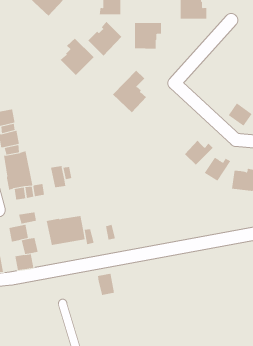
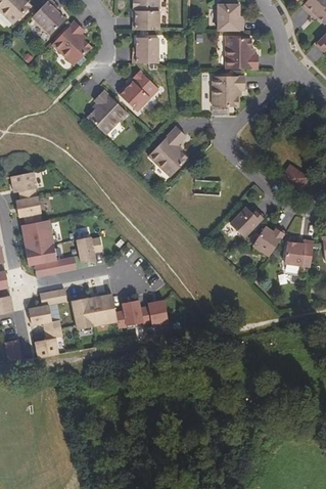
building: [134,23,162,49] -> [212,76,243,106]
building: none -> [147,300,168,325]
building: [97,273,115,296] -> [122,300,142,325]

